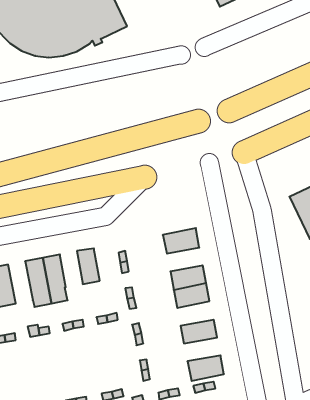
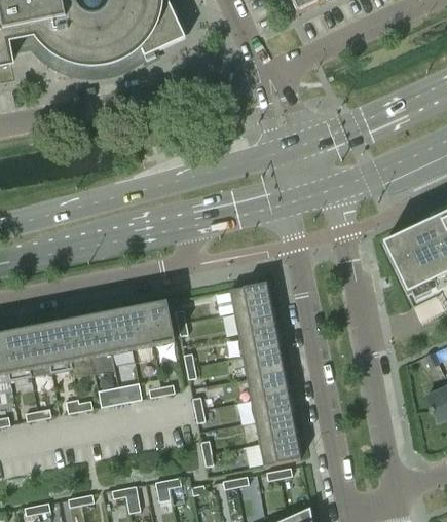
building: none -> [145,301,174,344]
building: none -> [233,304,276,333]
building: none -> [104,308,132,352]
building: none -> [41,321,71,372]
building: none -> [246,369,290,399]
building: none -> [254,413,298,442]

